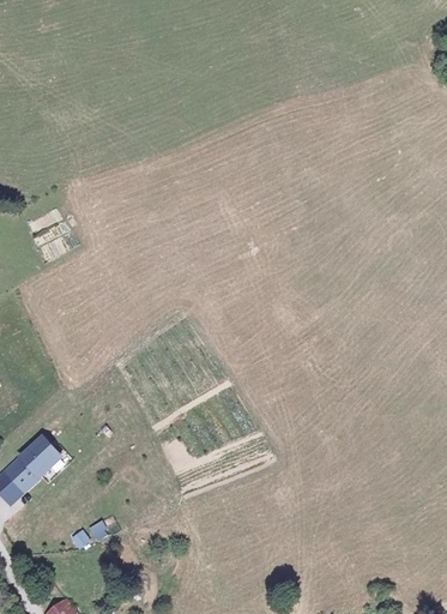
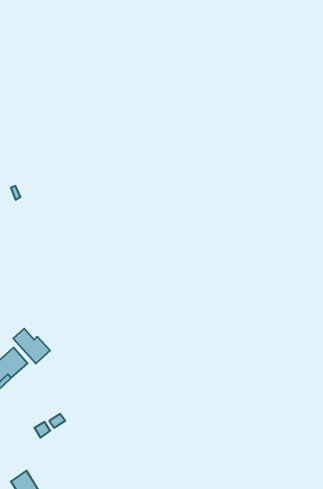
building: none -> [13,329,50,364]

